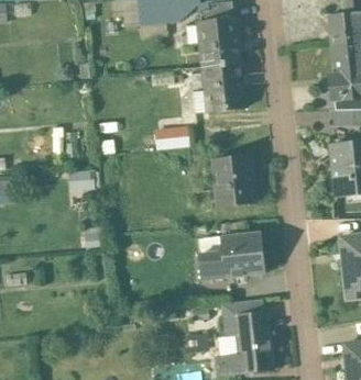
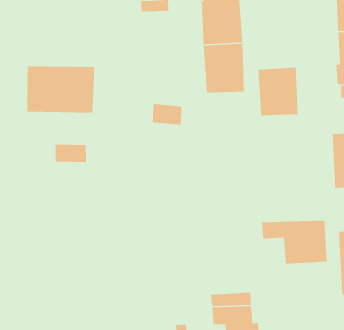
building: none -> [26,65,95,114]
building: [212,156,254,205] -> [257,67,298,116]
building: [197,233,263,278] -> [261,220,327,264]

